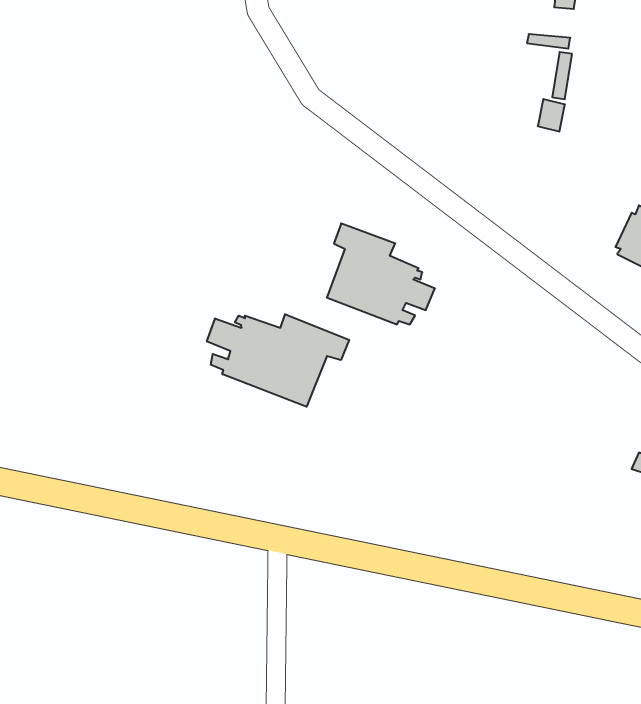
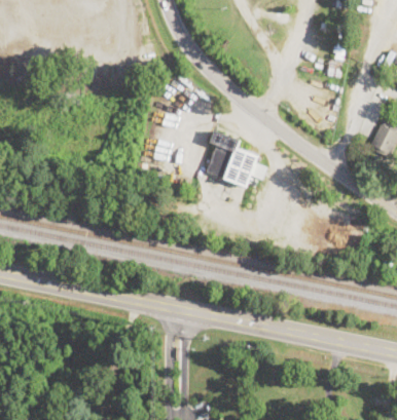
building: [207,314,349,407] -> none

